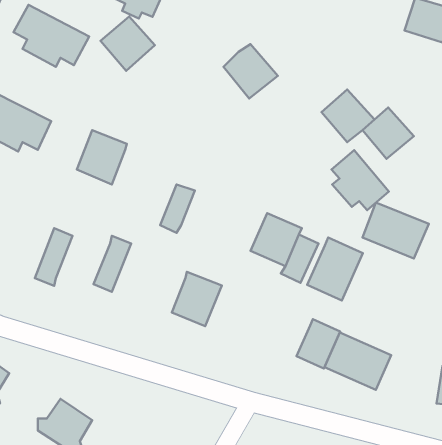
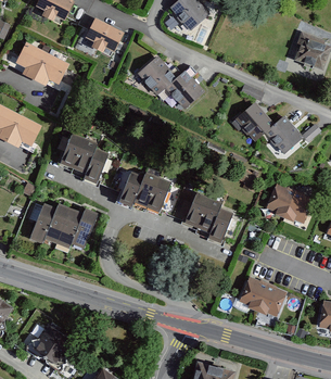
building: [100,17,155,71] -> [137,55,176,94]
building: none -> [82,147,110,184]
building: [331,150,389,210] -> none
building: none -> [44,204,84,250]
building: [307,238,363,300] -> none
building: [172,272,222,326] -> [135,172,170,211]
building: [296,319,340,368] -> none

